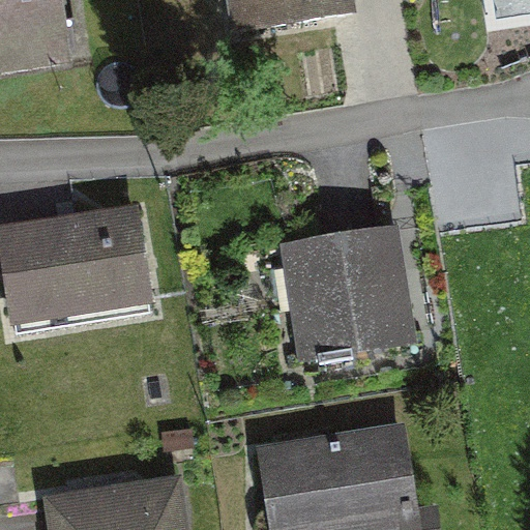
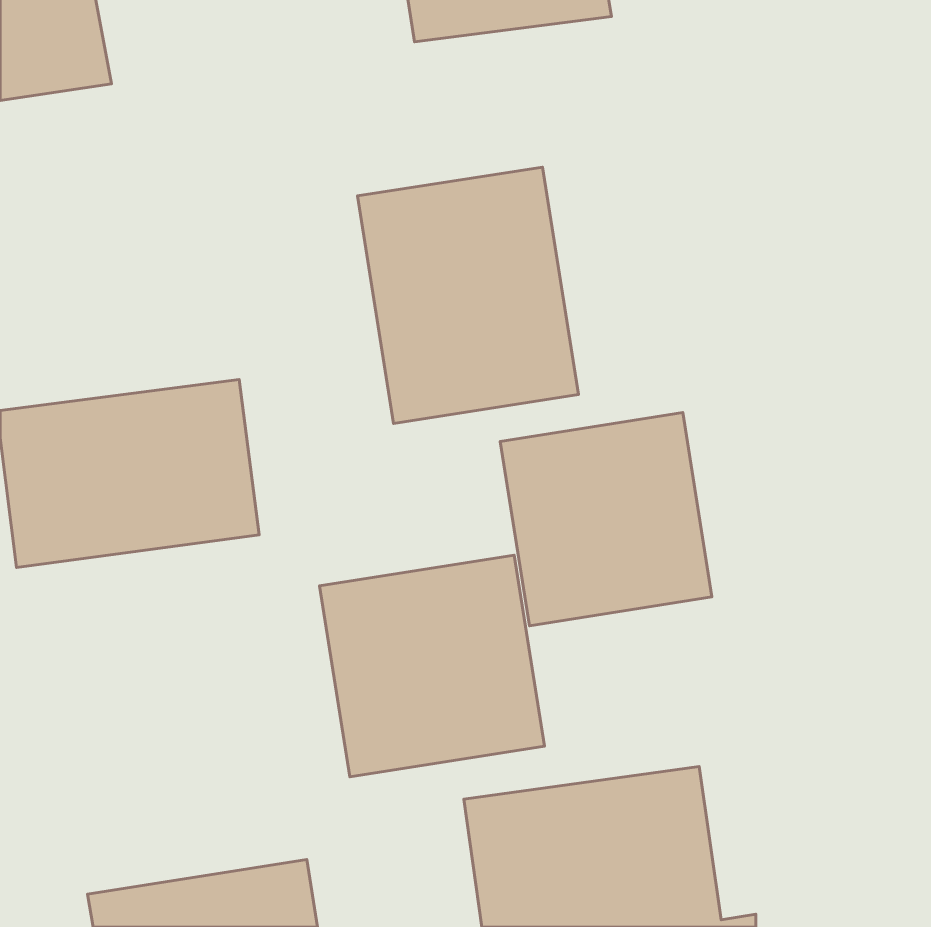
building: none -> [357,167,578,424]
building: none -> [320,555,544,777]

